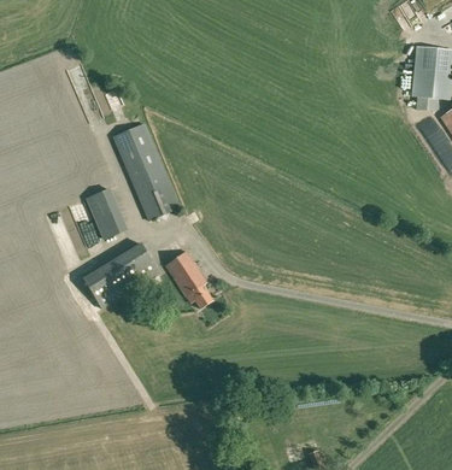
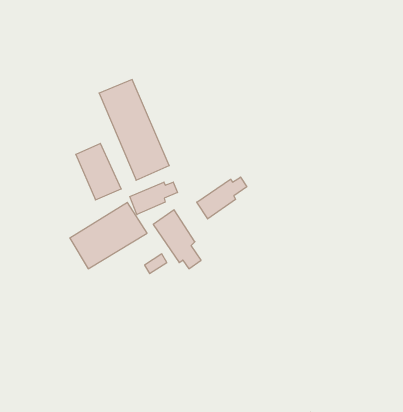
building: none -> [197,177,247,219]
building: none -> [130,182,177,215]

